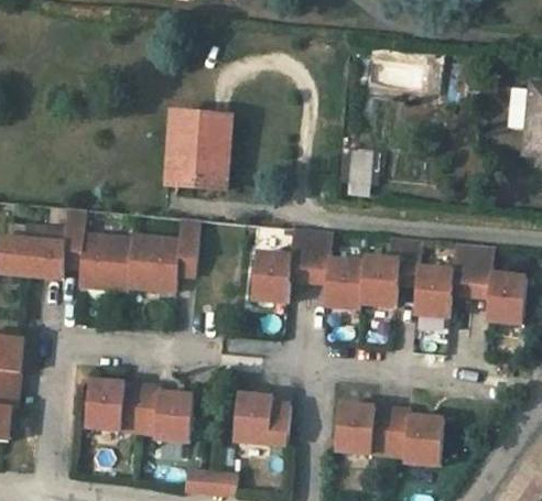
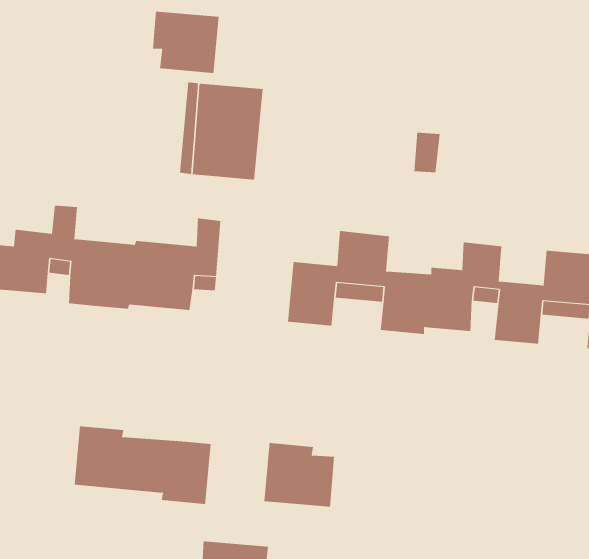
building: none -> [153,11,219,74]
building: [334,403,443,464] -> none

